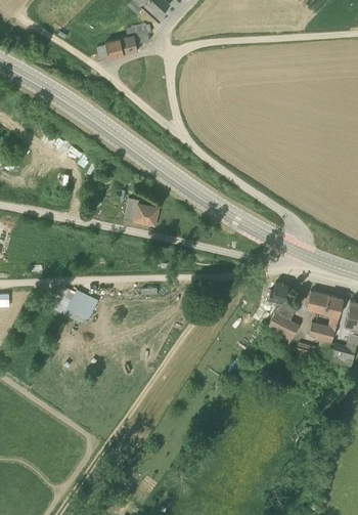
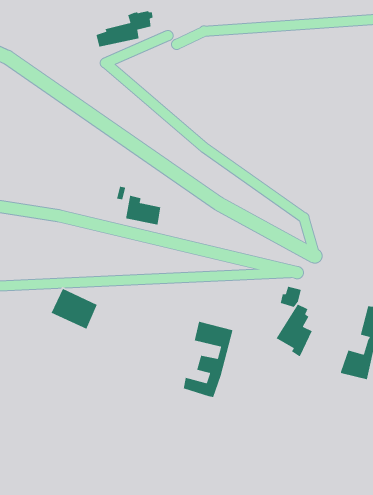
building: [296,290,343,361] -> [183,321,233,398]

